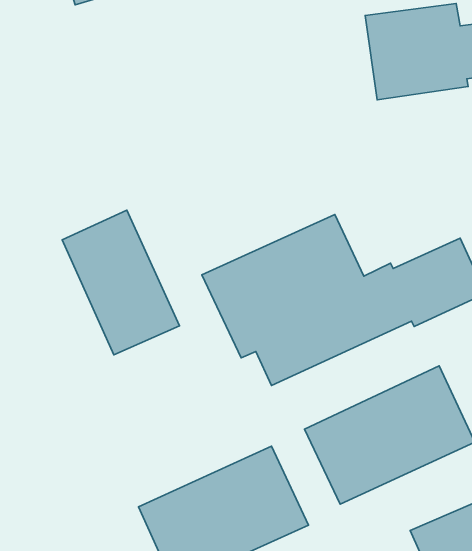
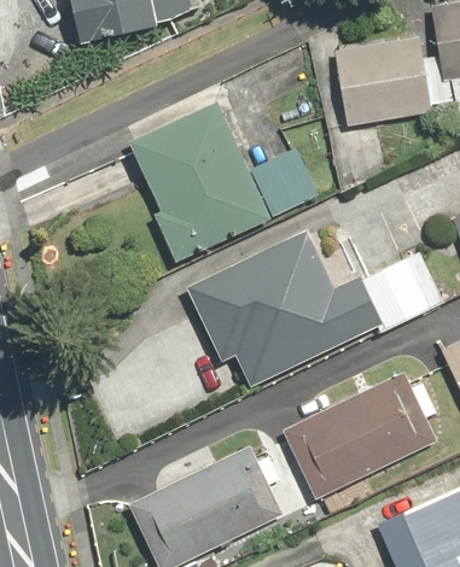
building: none -> [129,101,320,263]
building: [62,210,180,355] -> none

